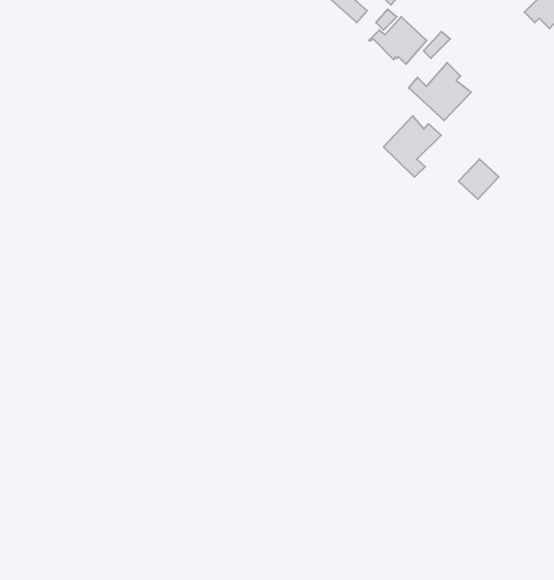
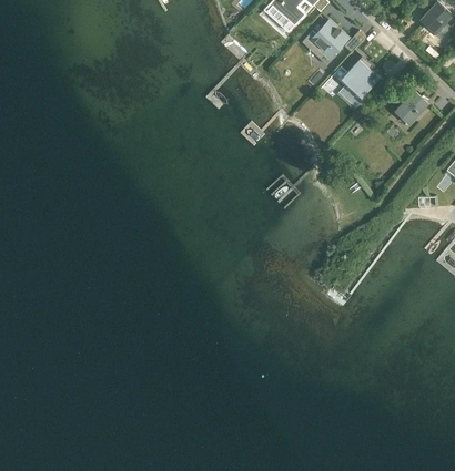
building: [384,116,441,177] -> none
building: [459,159,499,199] -> [397,92,427,122]

